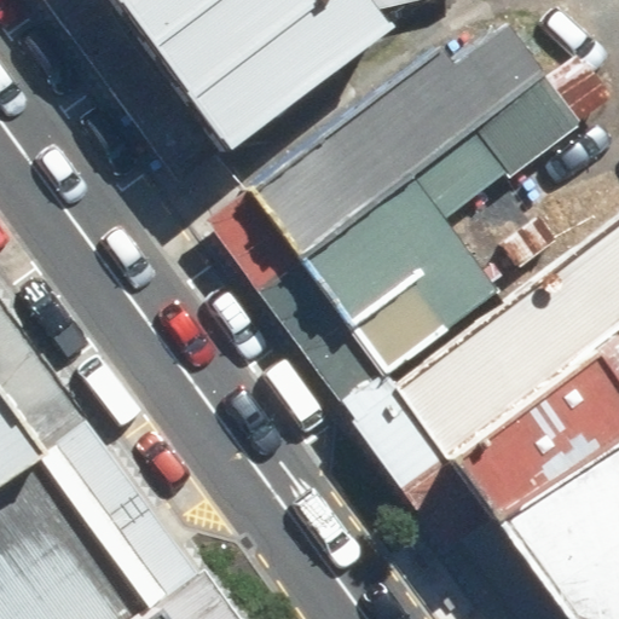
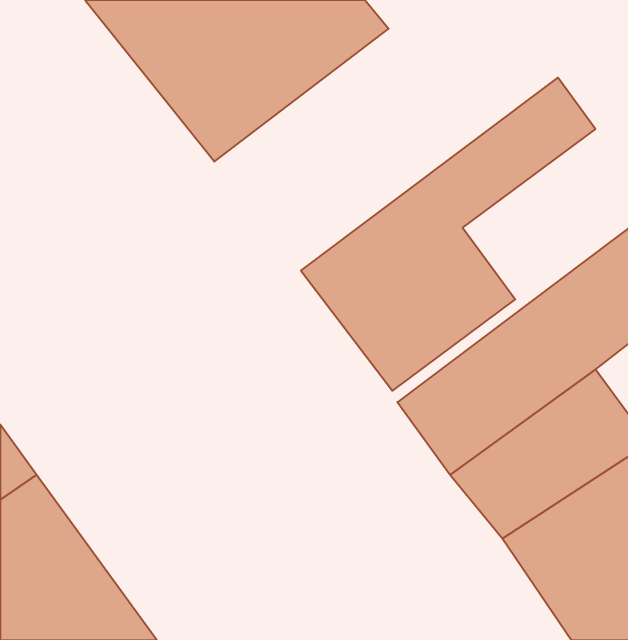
building: [253,22,557,261] -> none

